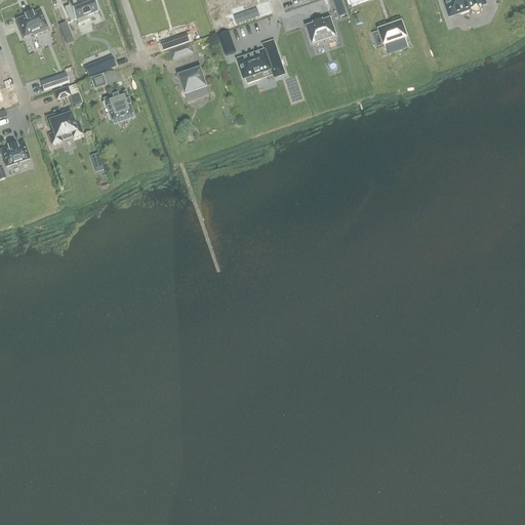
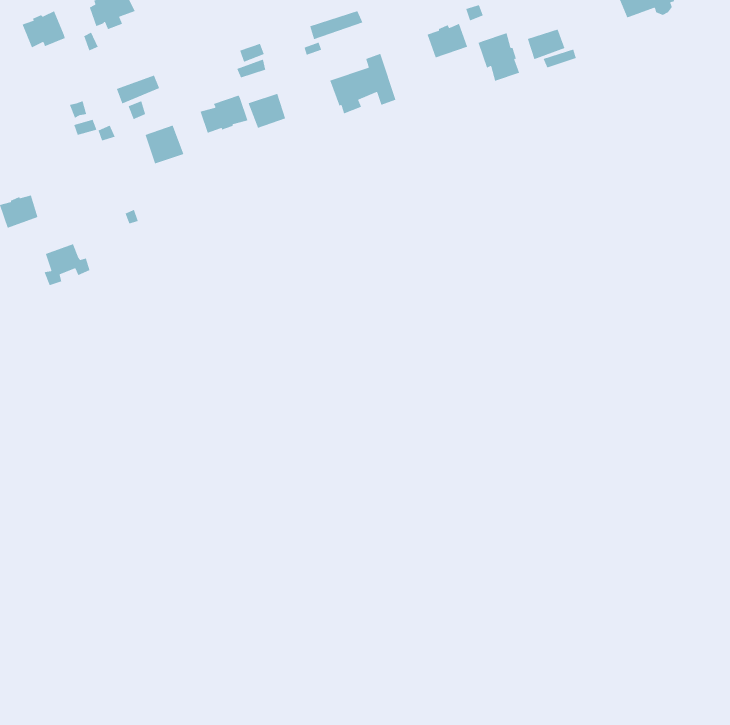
building: none -> [477,32,520,82]
building: none -> [200,94,248,134]
building: [47,112,81,143] -> [43,243,91,286]

